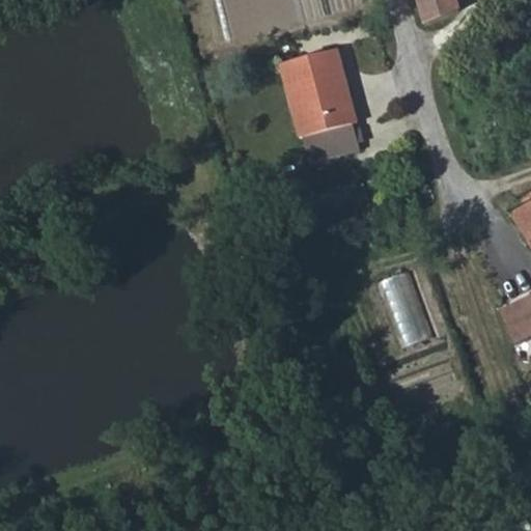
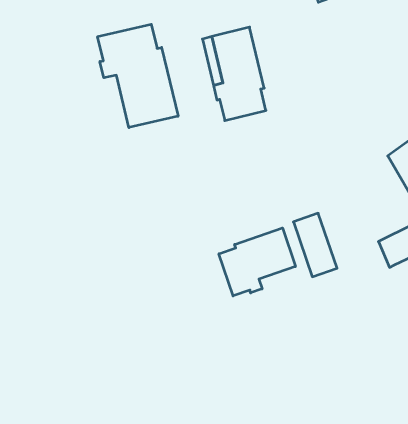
building: none -> [98,24,178,128]
building: none -> [219,228,295,296]

